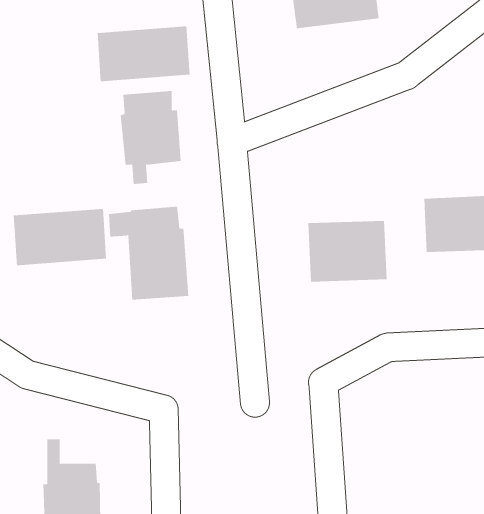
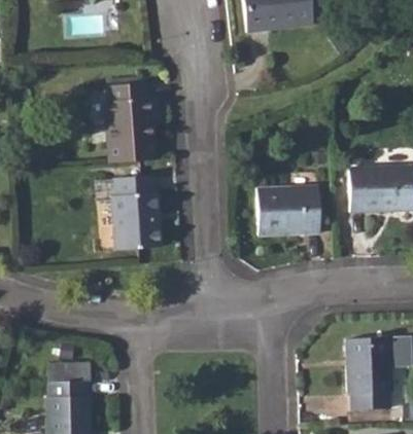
building: [97,25,190,82] -> none
building: [13,208,107,266] -> none
building: none -> [345,337,391,409]

